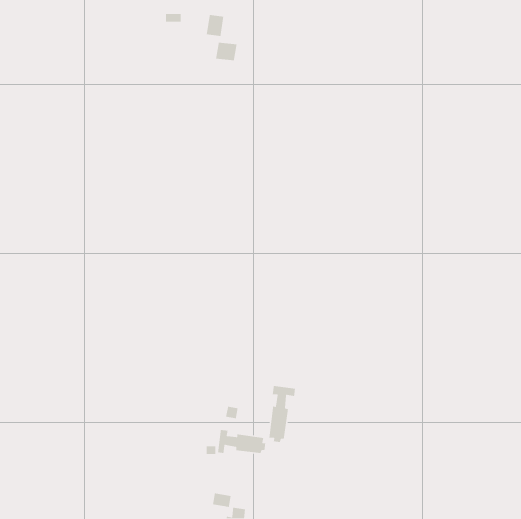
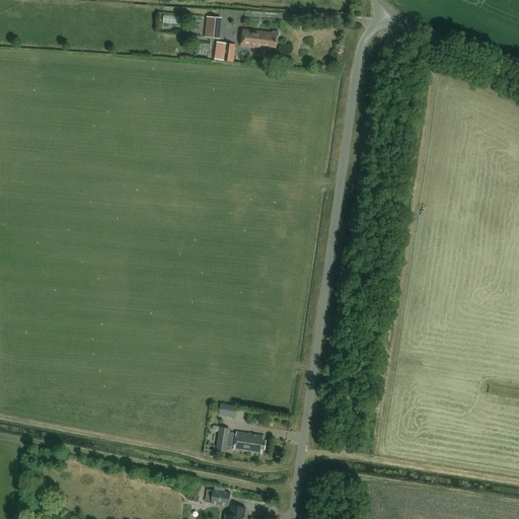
building: none -> [240,28,278,49]
building: [269,385,296,443] -> none

